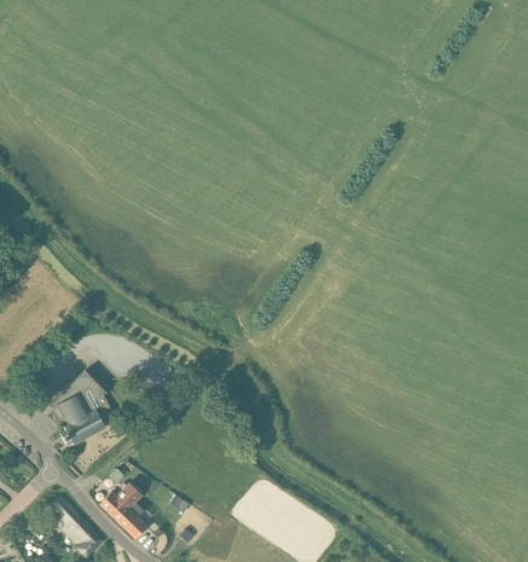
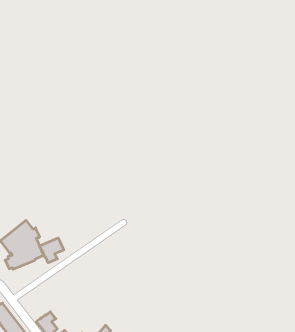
building: none -> [40,238,64,263]
building: [99,483,141,521] -> none

